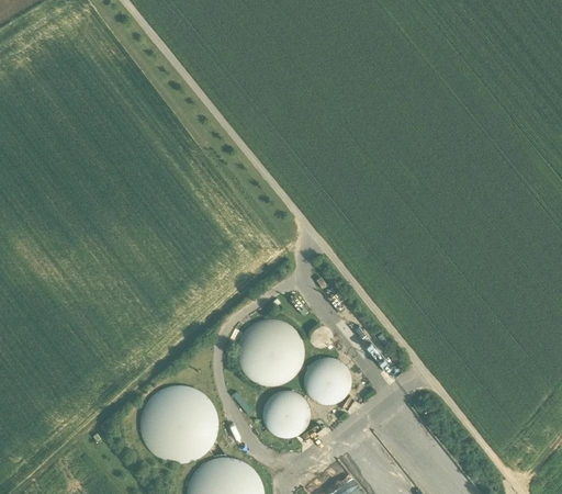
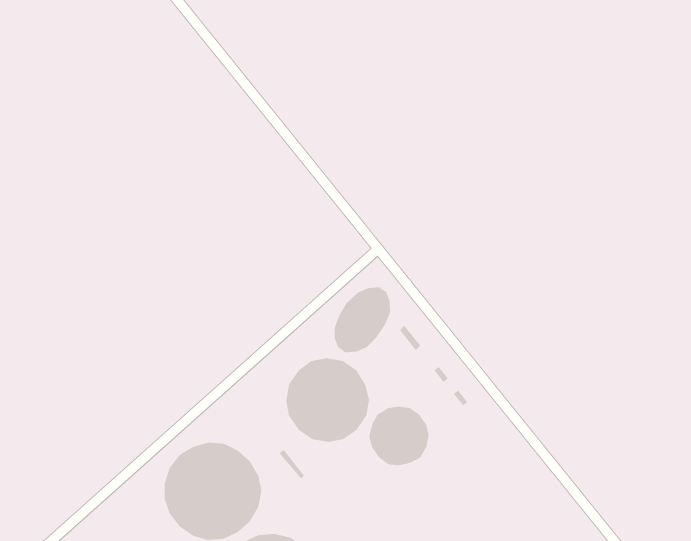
building: none -> [334,286,390,353]
building: [262,390,311,437] -> none

